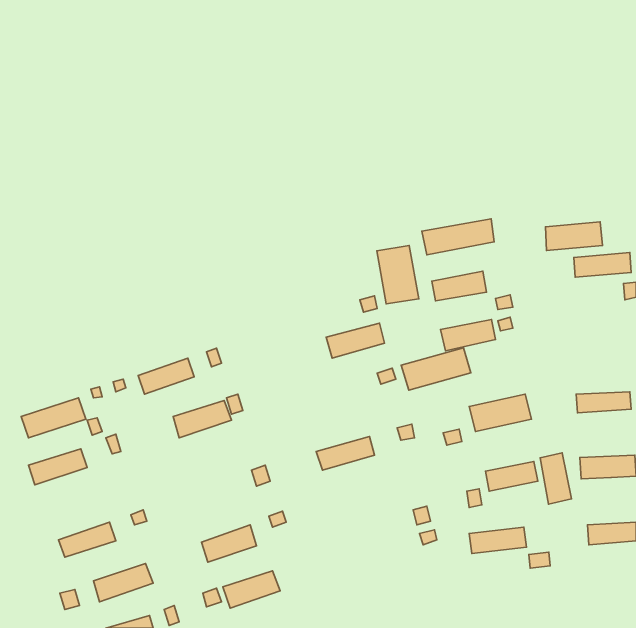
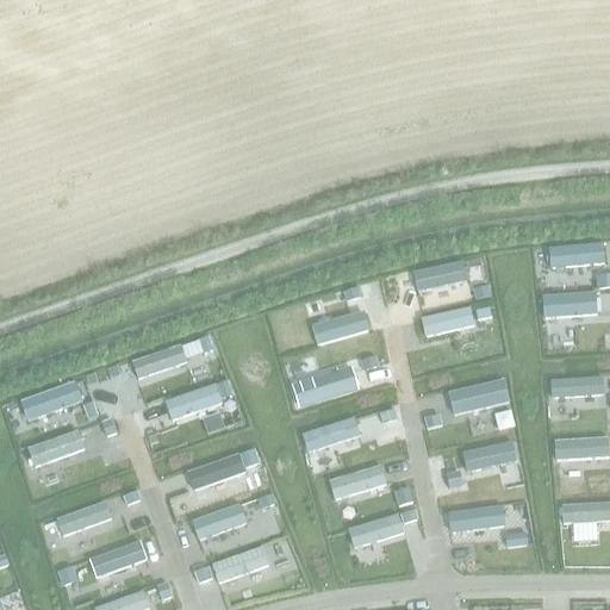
building: [422,219,494,255] -> none
building: [545,222,603,250] -> [543,290,598,317]
building: [377,246,419,304] -> none
building: [401,348,471,390] -> [292,365,359,405]
building: [540,453,571,504] -> none
building: none -> [188,453,244,488]
building: none -> [329,465,386,498]
building: none -> [349,513,404,547]

